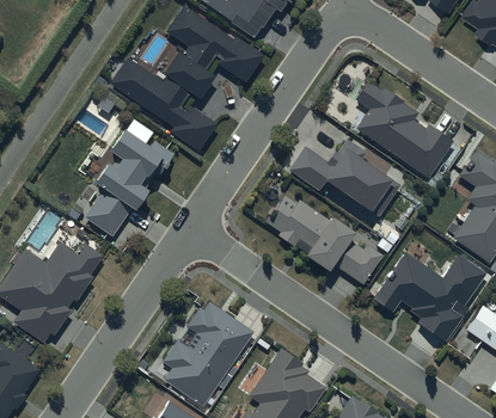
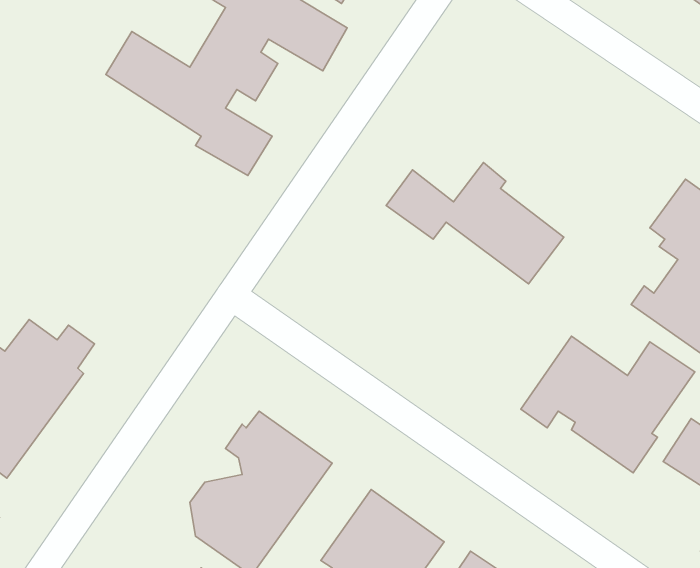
building: [350,80,452,177] -> none
building: [84,131,172,233] -> none
building: [270,197,381,283] -> none

